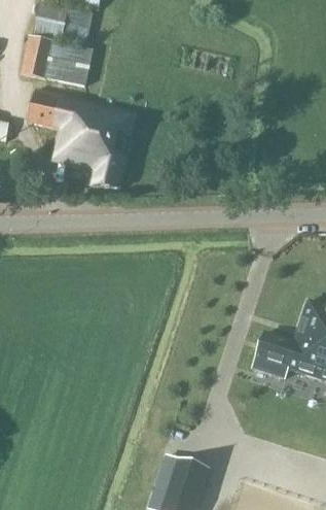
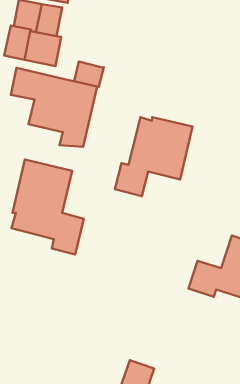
building: none -> [74,62,104,87]
building: none -> [115,117,192,196]
building: none -> [11,160,84,255]

